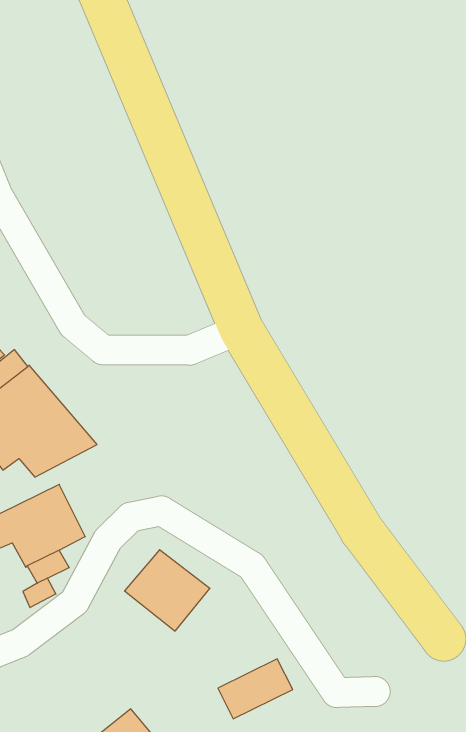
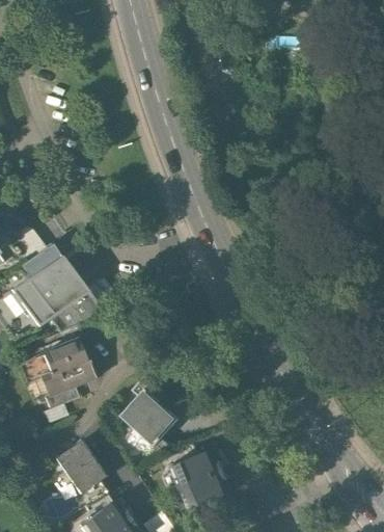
building: none -> [169,448,221,487]
building: none -> [57,442,107,494]

